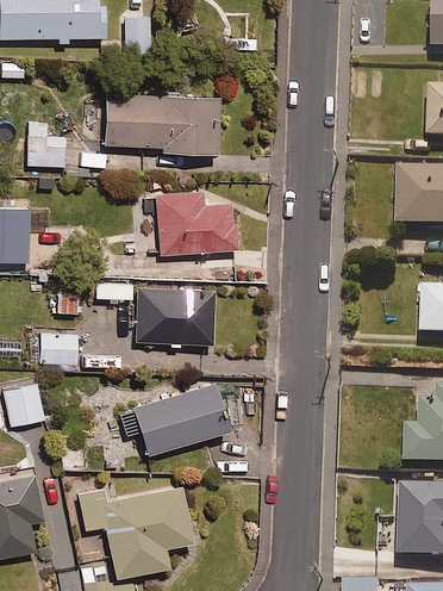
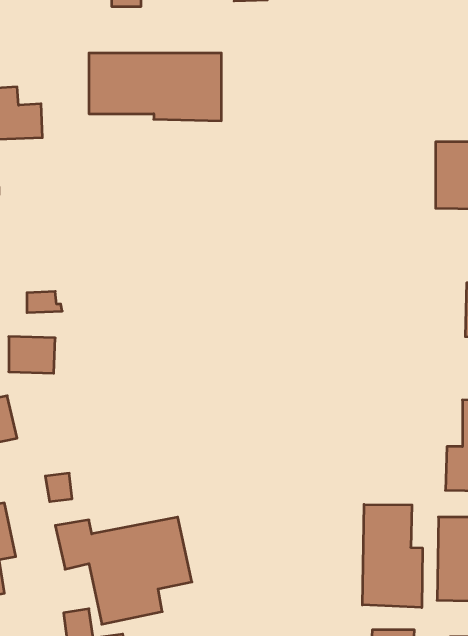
building: [154,188,235,253] -> none
building: [135,286,211,341] -> none
building: [117,379,225,452] -> none
building: none -> [362,504,422,608]

